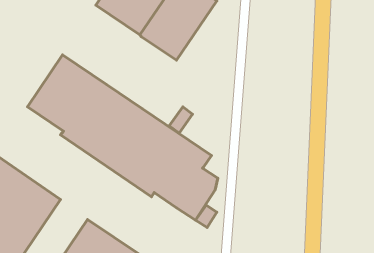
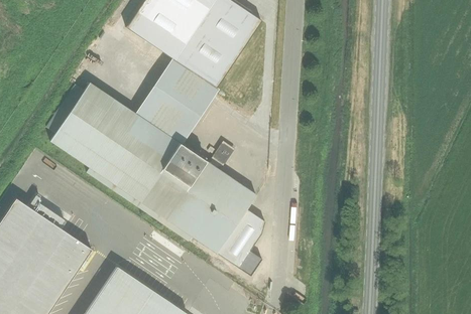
building: none -> [141,62,225,148]

